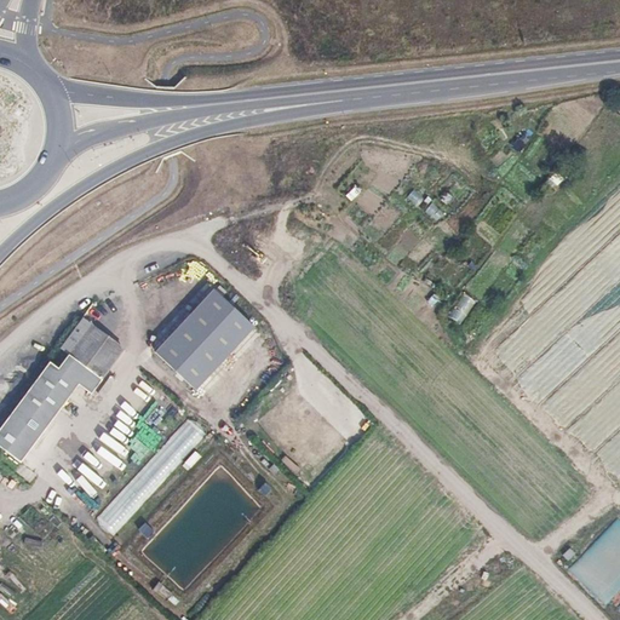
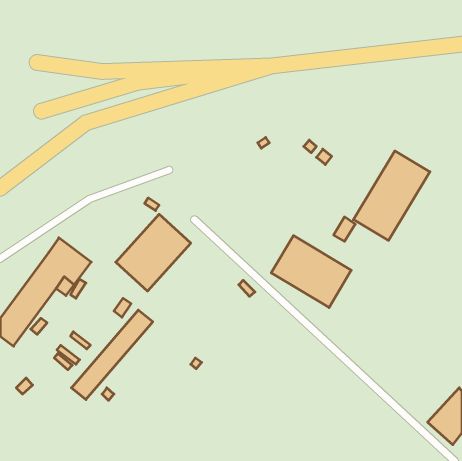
building: none -> [353,151,430,240]
building: none -> [271,236,351,308]

